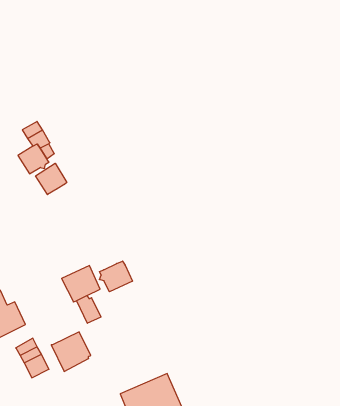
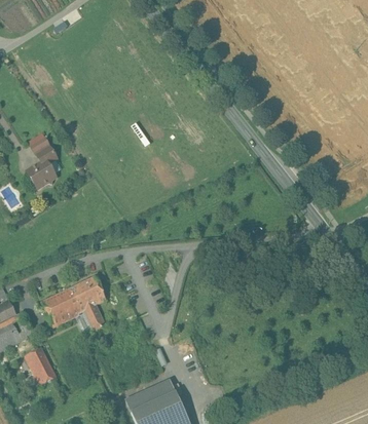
building: [36,163,67,195] -> none
building: [99,261,132,292] -> none
building: [51,332,91,371] -> [41,288,79,326]

